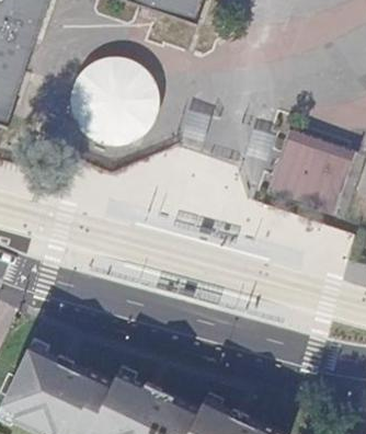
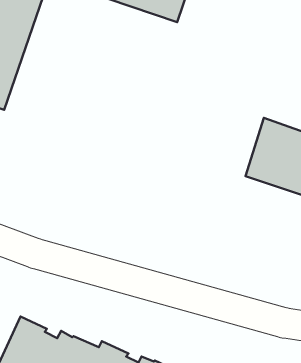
building: [67,55,152,141] -> none

